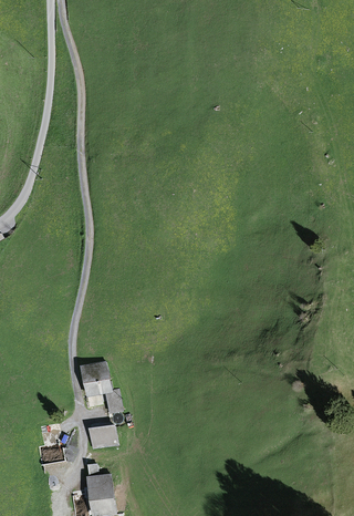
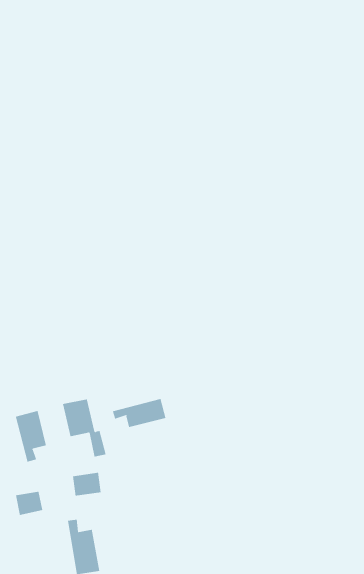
building: none -> [112,398,166,428]
building: none -> [15,410,46,463]

